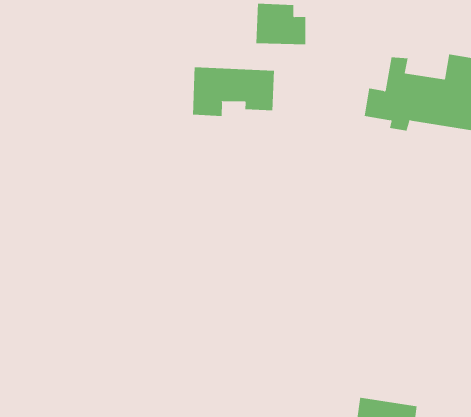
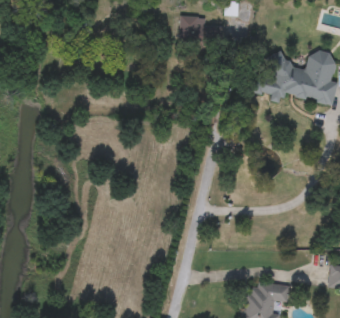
building: [192,66,275,117] -> none

